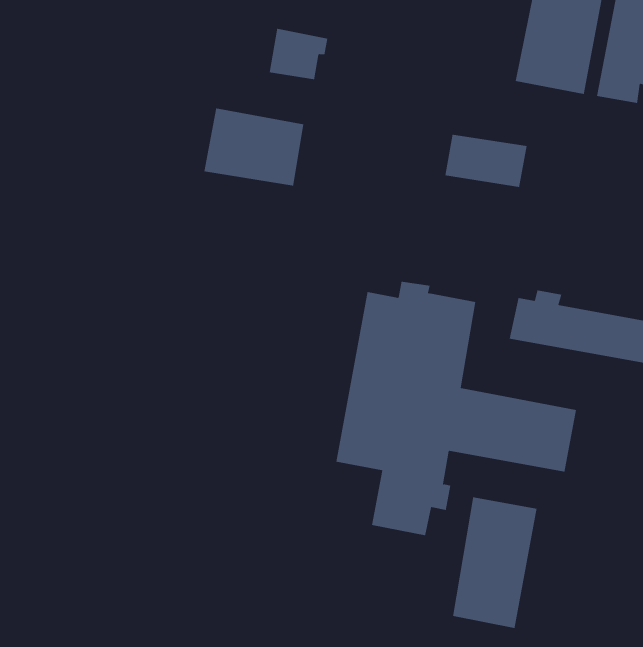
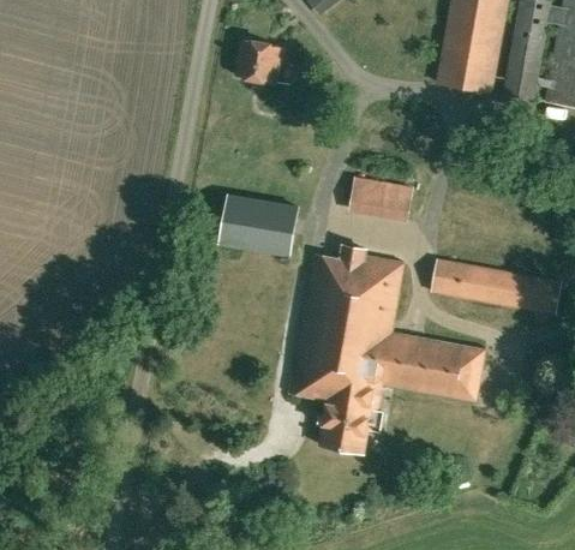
building: [203,108,304,186] -> [218,193,300,257]
building: [444,134,527,187] -> [355,178,423,221]
building: [452,497,537,629] -> none

